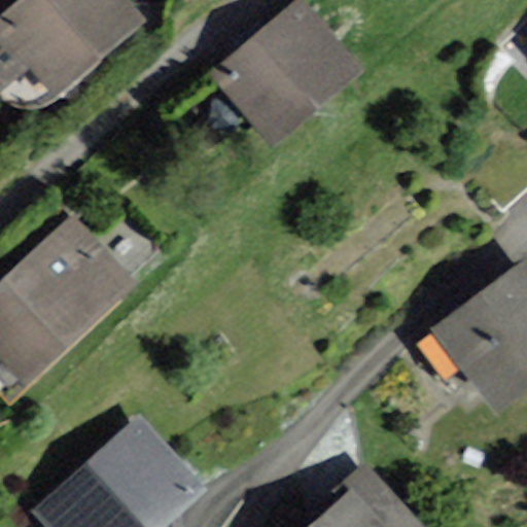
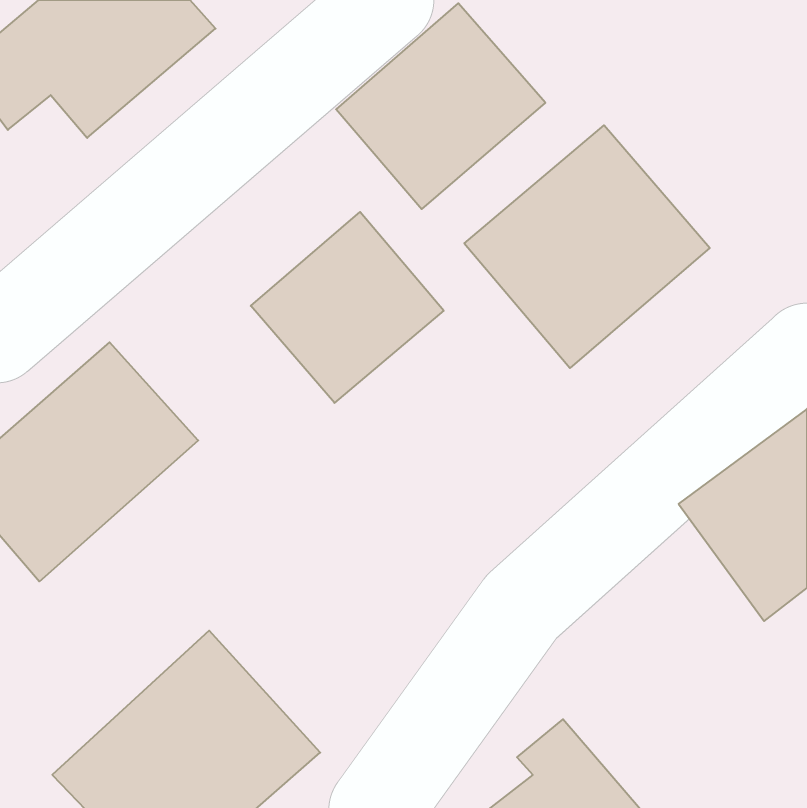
building: none -> [464,125,710,368]
building: none -> [251,212,444,403]

